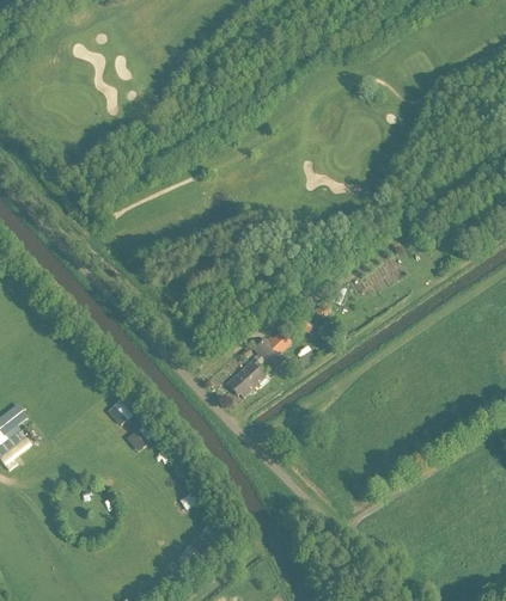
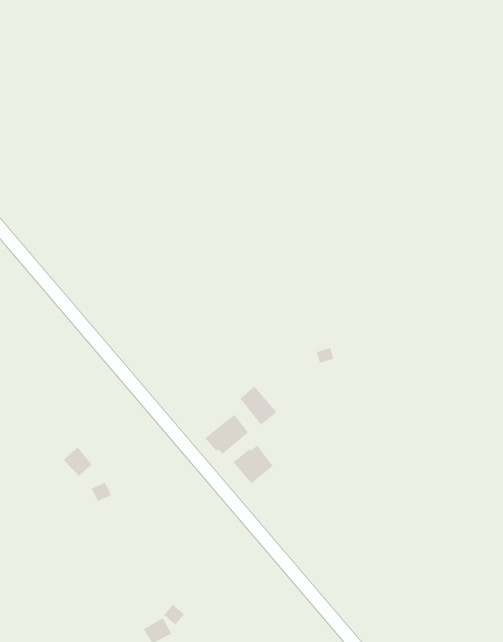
building: none -> [233,445,273,484]

